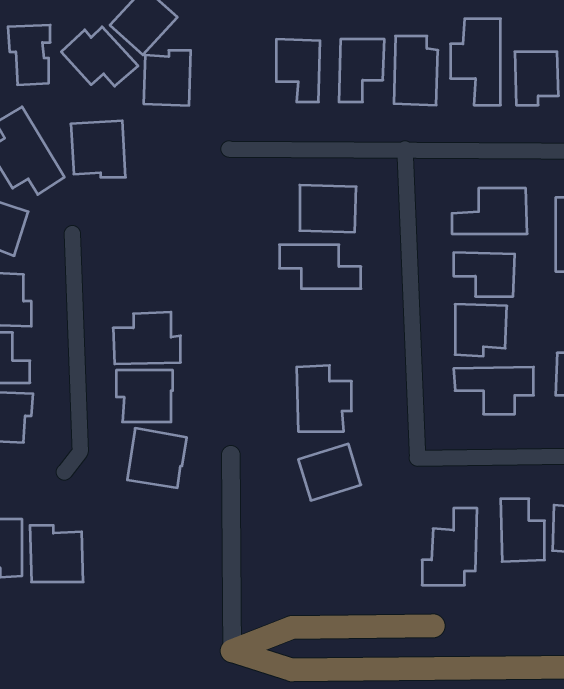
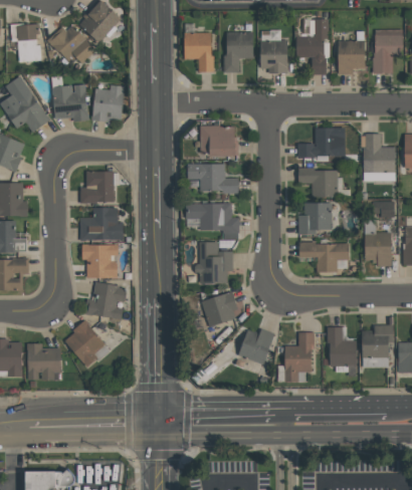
building: [144,50,191,105] -> [93,85,124,120]
building: none -> [81,171,115,203]
building: none -> [186,203,239,239]
building: none -> [63,321,110,369]
building: none -> [234,328,275,375]

